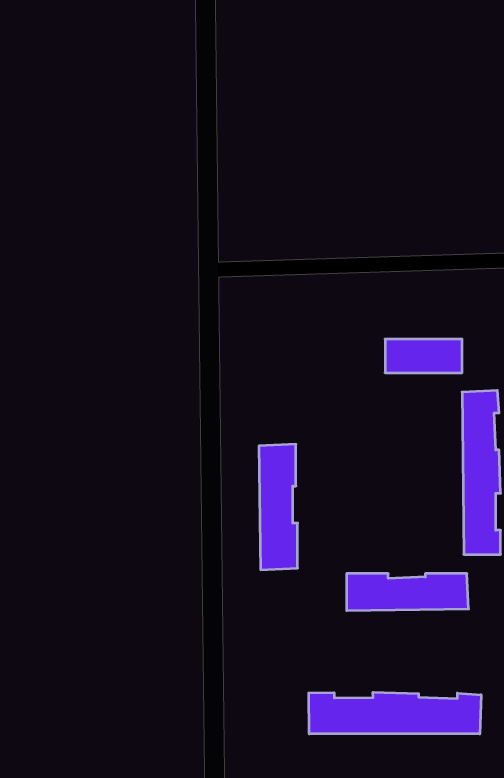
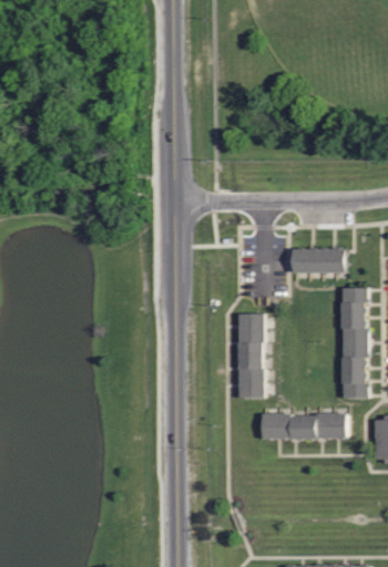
building: [259,444,298,570] -> [237,311,264,398]
building: [309,692,481,734] -> none

